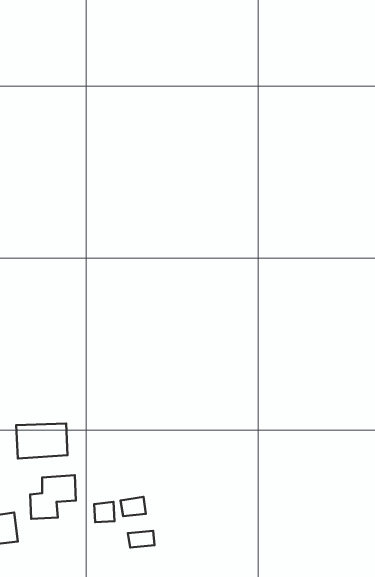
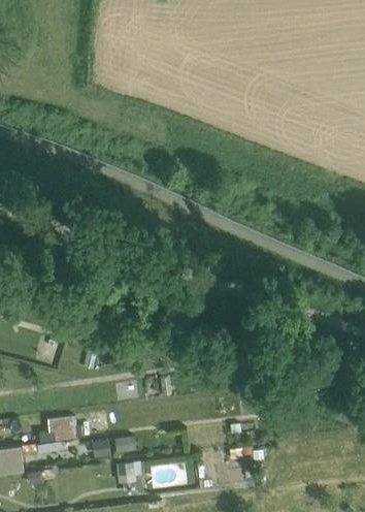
building: [16,423,68,458] -> none

